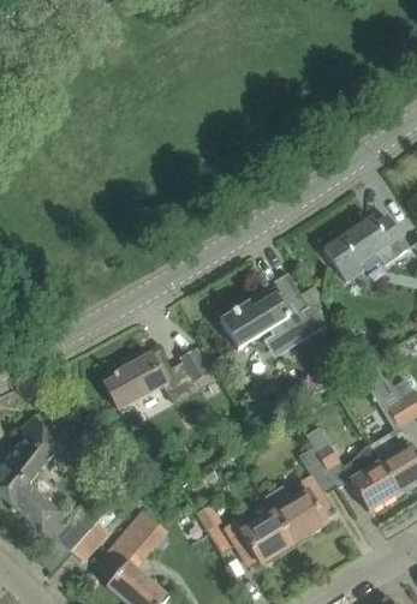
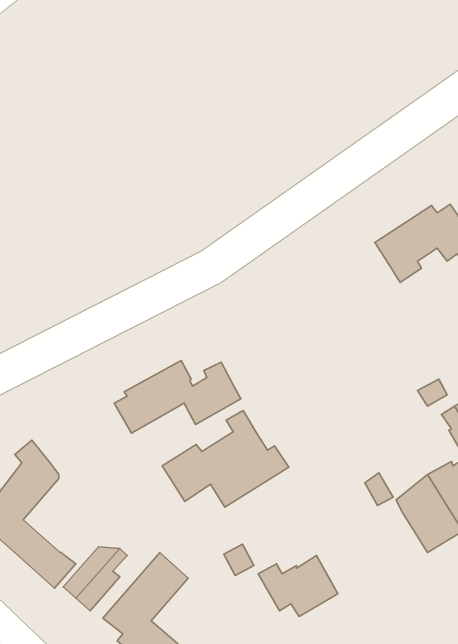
building: [219,273,326,354] -> [162,410,289,507]
building: [264,477,329,545] -> none

